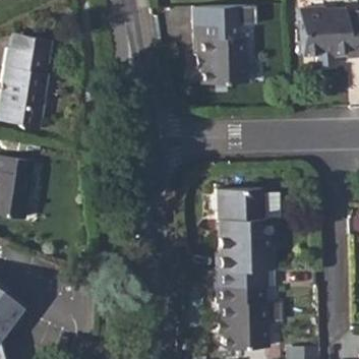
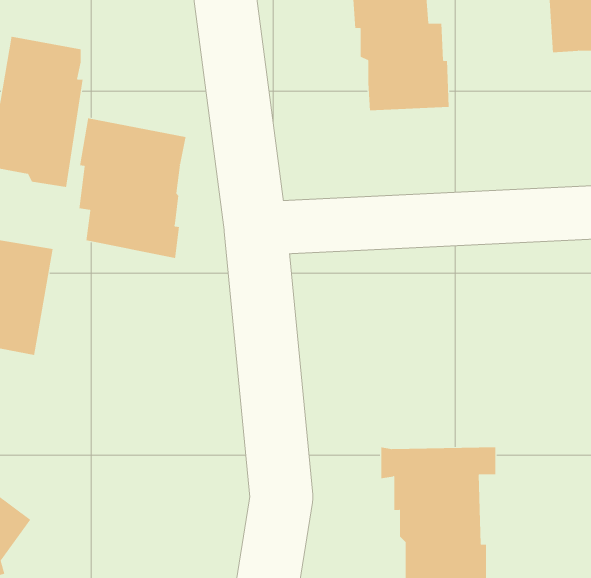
building: none -> [79,117,186,259]
building: [218,187,276,268] -> none

